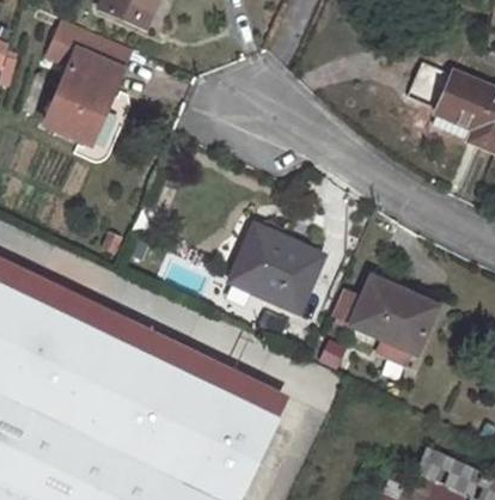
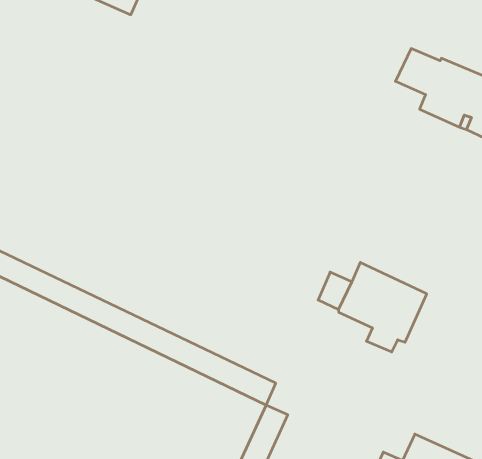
building: [44,22,130,145] -> none
building: [230,225,320,312] -> none

